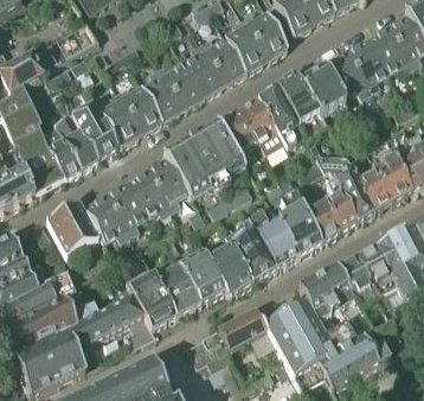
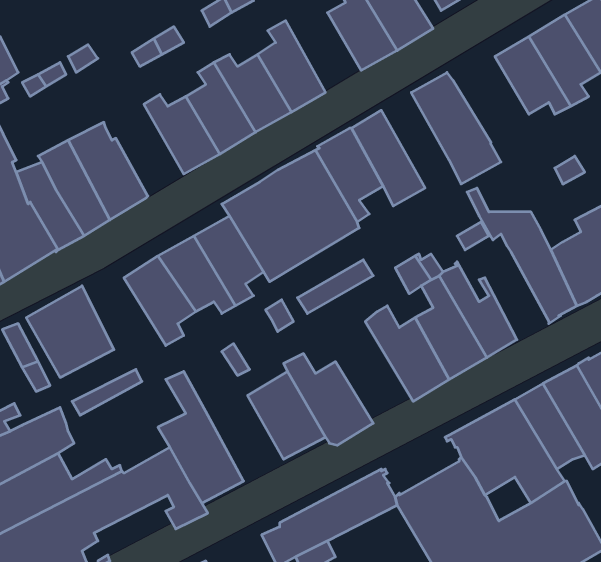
building: [203,37,248,84] -> none
building: [302,63,347,115] -> none
building: [259,84,300,147] -> none
building: [96,91,142,146] -> none
building: [321,179,359,231] -> none
building: [85,195,131,241] -> none
building: [227,221,278,281] -> none
building: [156,265,201,316] -> none

